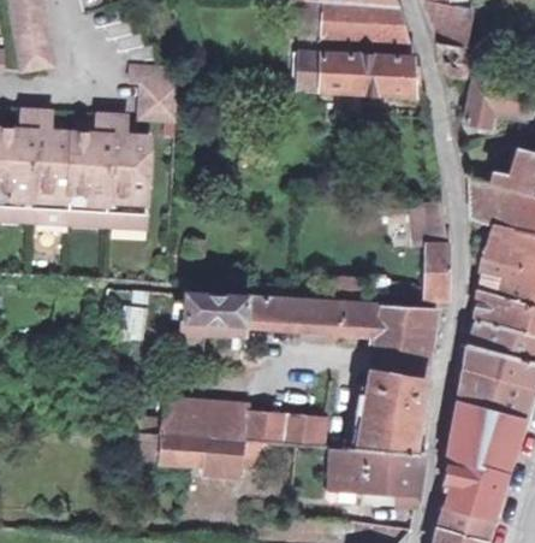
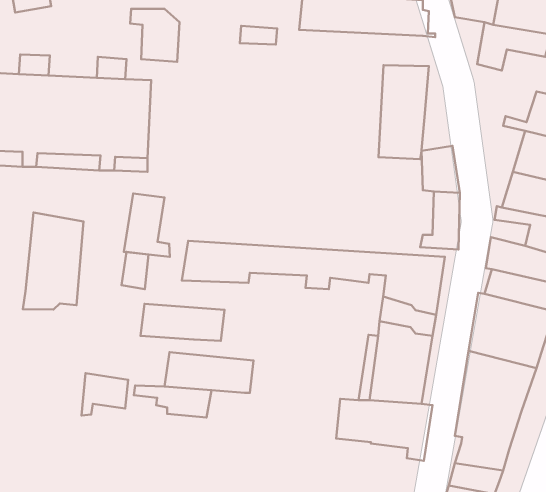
building: none -> [378,65,429,159]
building: [470,176,513,225] -> none
building: none -> [124,193,170,257]
building: none -> [23,213,83,310]
building: [245,409,327,445] -> [141,304,225,341]
building: none -> [82,373,128,416]
building: [203,438,240,476] -> none

